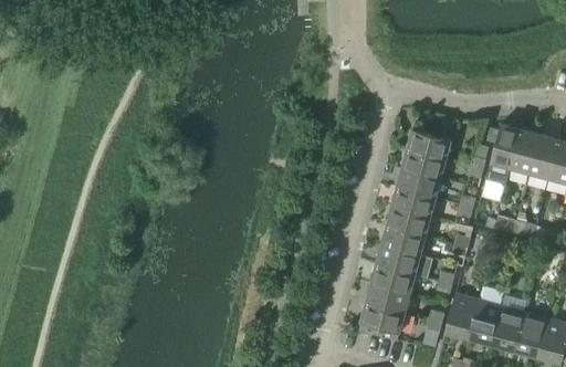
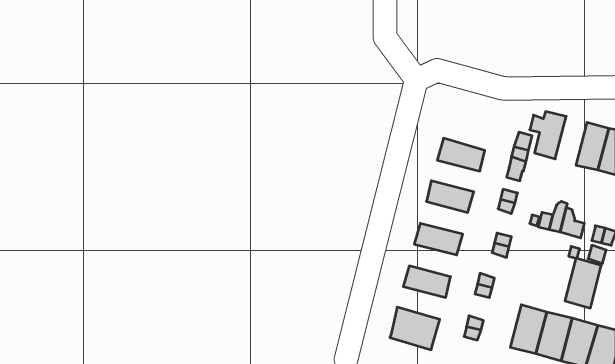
building: [408,128,451,159] -> none
building: [510,128,538,172] -> none
building: [397,168,441,197] -> none
building: [387,206,430,235] -> none
building: [377,244,433,277] -> none
building: [366,283,410,313] -> none
building: [446,293,479,338] -> [565,258,601,308]

